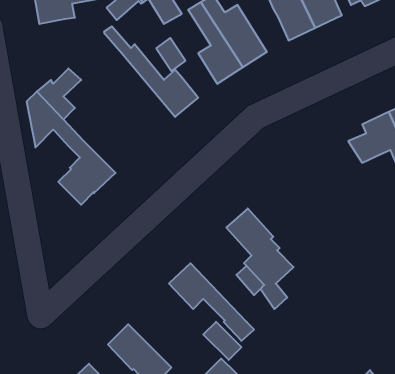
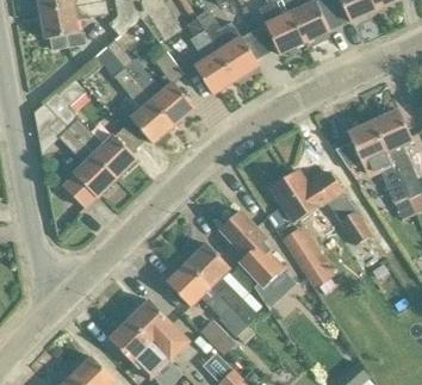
building: none -> [95,45,173,143]
building: none -> [68,118,137,178]
building: none -> [271,169,372,246]
building: none -> [281,225,334,287]
building: none -> [187,243,250,317]
building: none -> [129,299,188,360]

